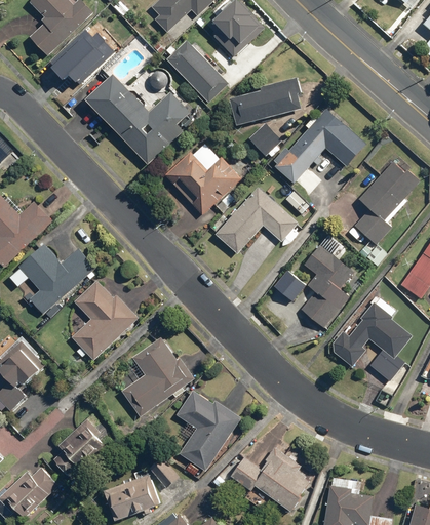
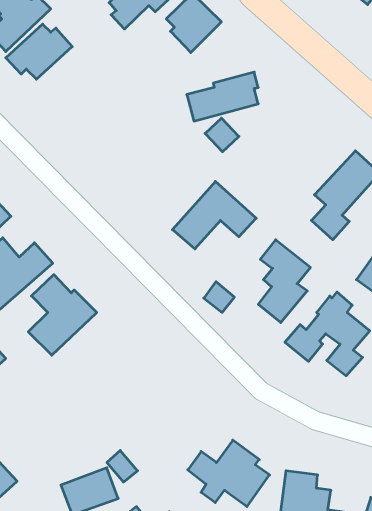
building: [166,40,227,102] -> none
building: [84,74,192,165] -> none
building: [269,107,367,185] -> none
building: [164,152,242,215] -> none
building: [274,270,305,300] -> [204,282,234,312]
building: [119,335,194,418] -> none
building: [175,388,241,472] -> none
building: [52,418,110,479] -> none

